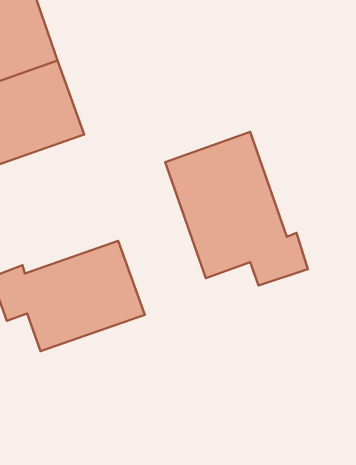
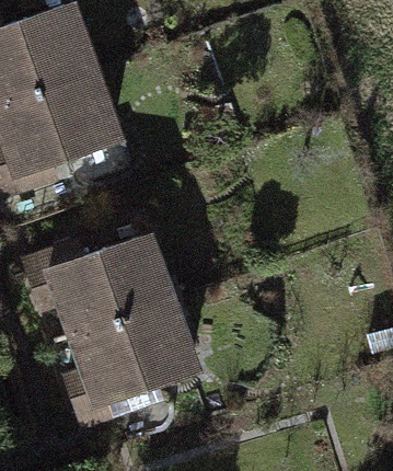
building: [165,132,308,285] -> none
building: none -> [67,305,190,417]

